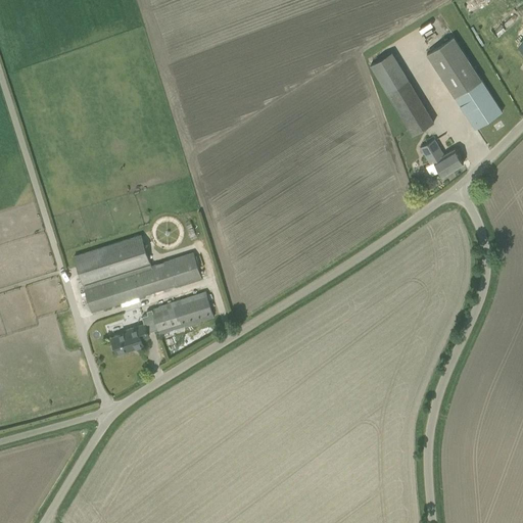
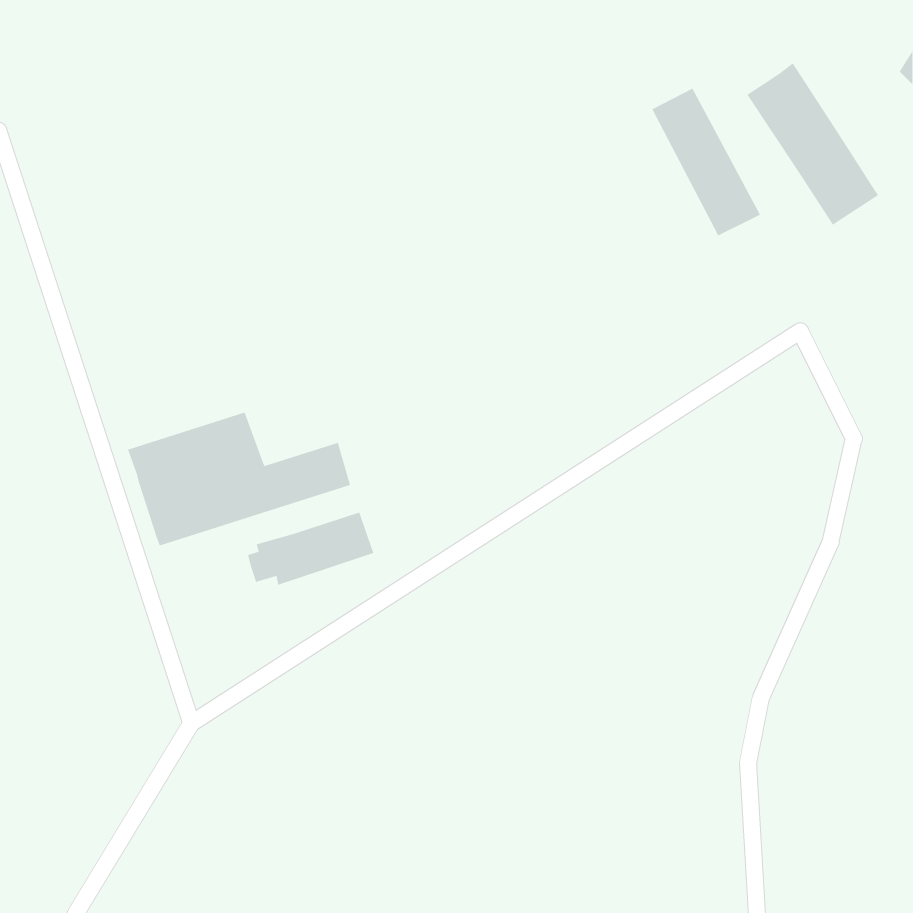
building: [419,139,463,177] -> none
building: [110,325,148,353] -> none

